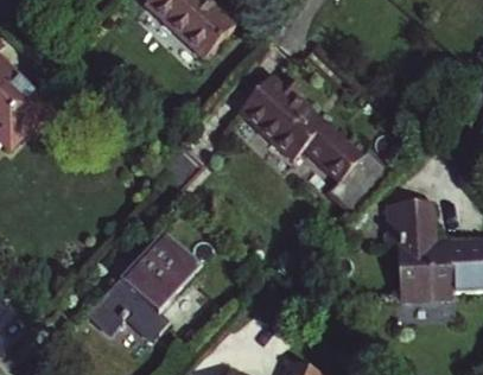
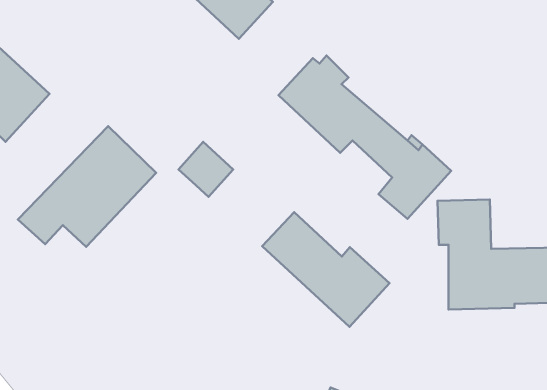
building: none -> [262,212,390,327]
building: [81,236,201,341] -> [18,126,156,247]

